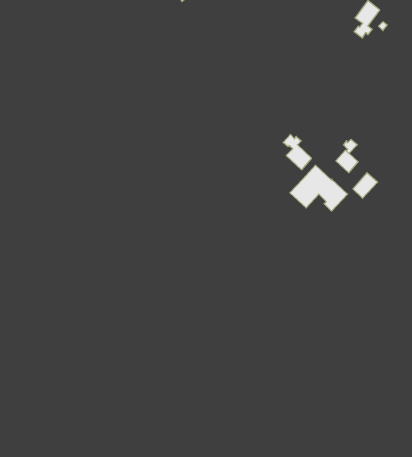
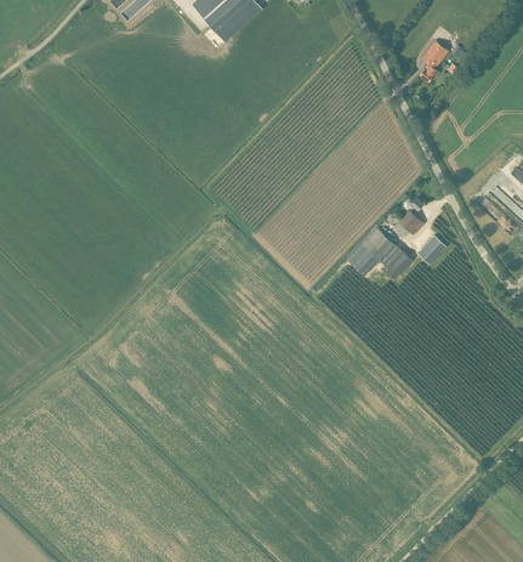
building: [283,134,311,170] -> none

